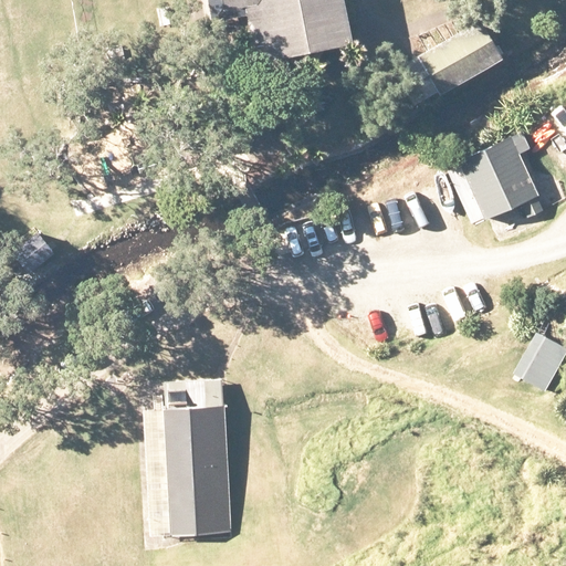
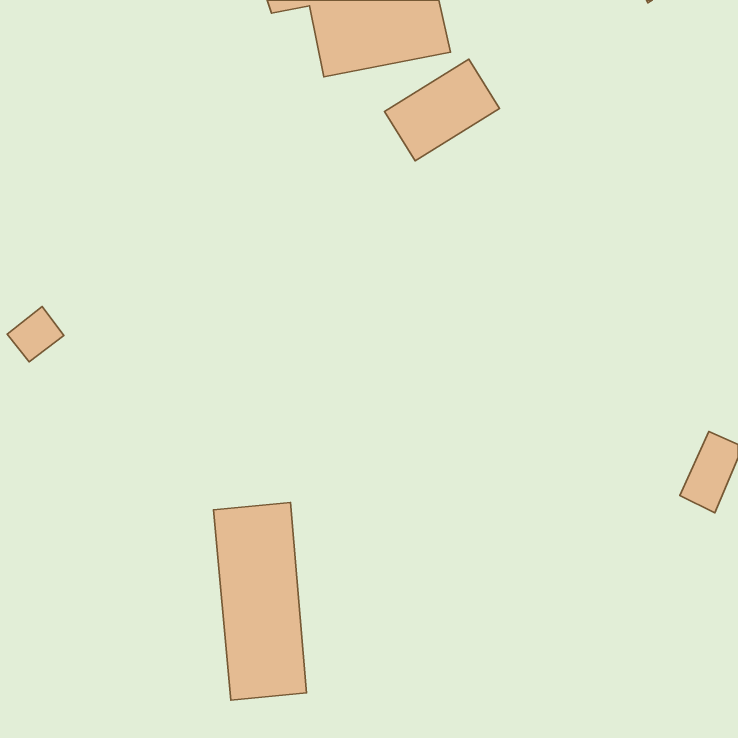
building: [413,19,501,96] -> [385,59,499,161]
building: [455,124,536,221] -> none

